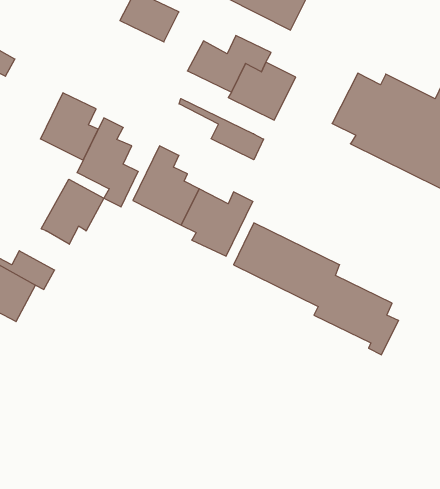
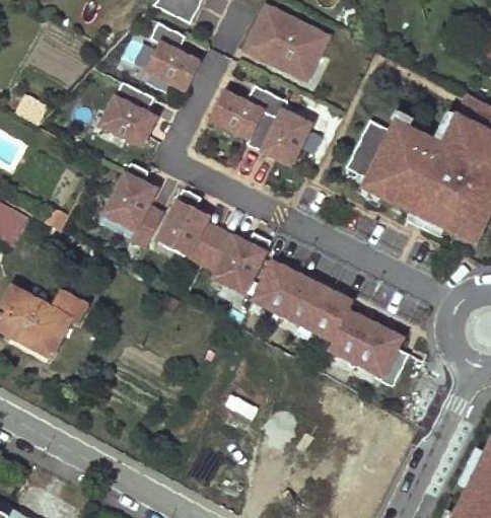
building: [40,93,98,160] -> [101,82,156,146]
building: [179,99,264,160] -> none
building: [41,179,104,244] -> none

